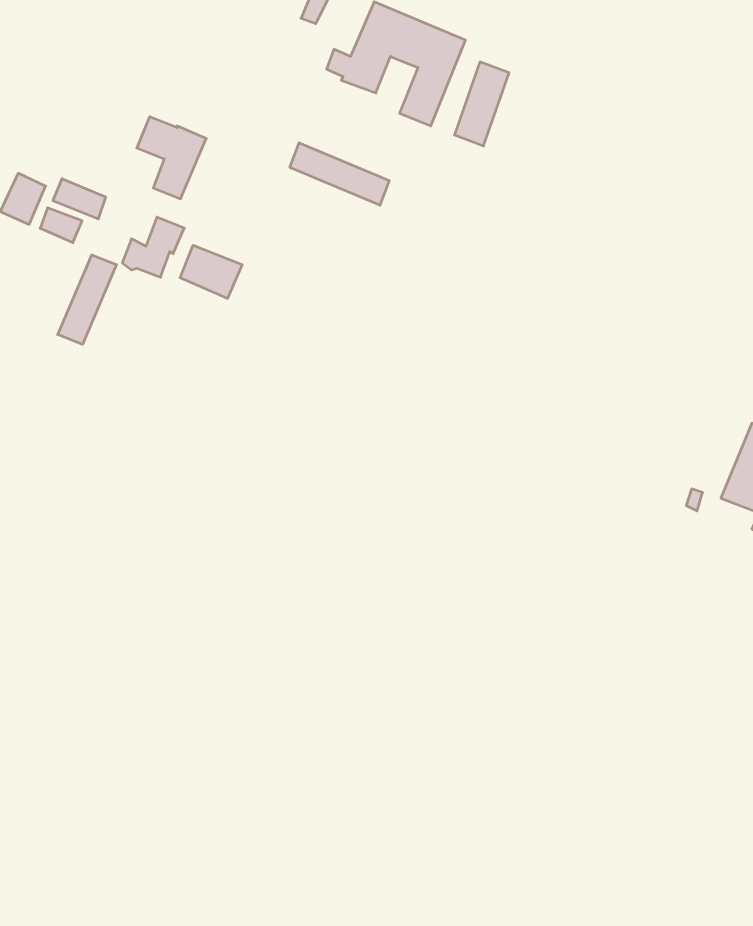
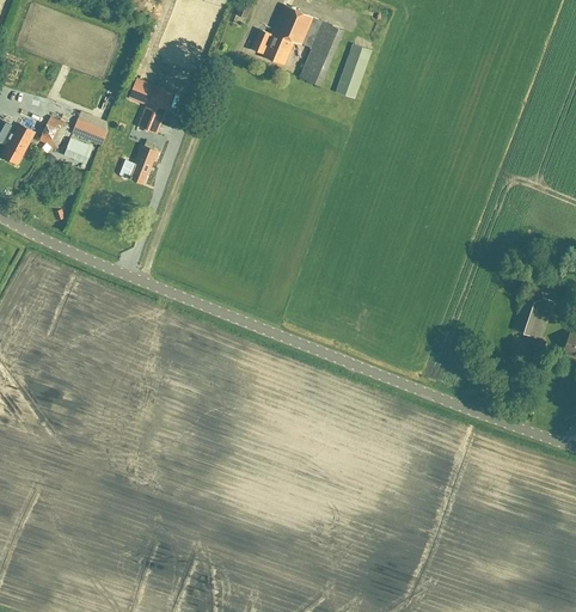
building: [290,143,389,205] -> none
building: [180,245,242,298] -> none
building: [58,255,117,344] -> none

